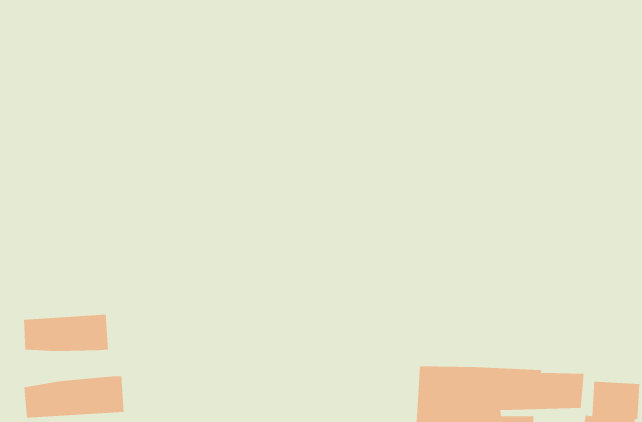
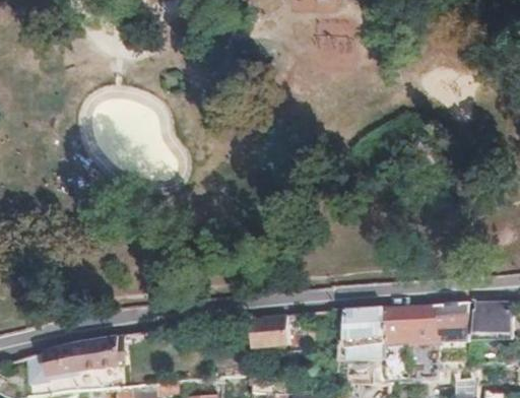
building: [24,314,109,352] -> none
building: none -> [240,317,299,350]

